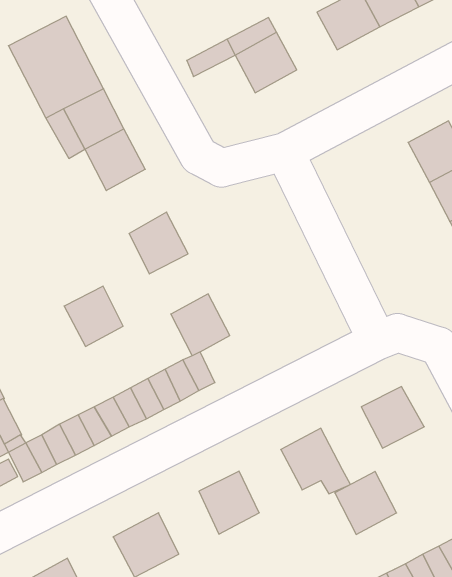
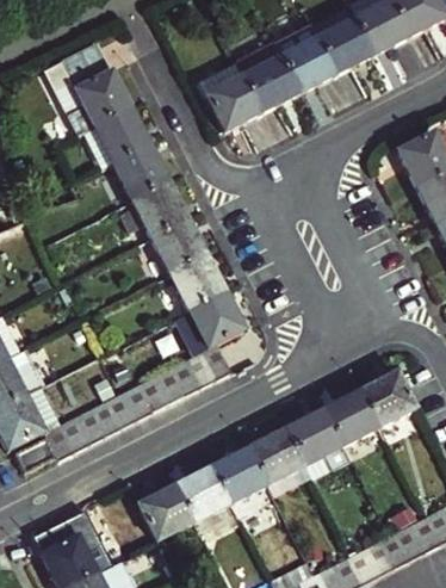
building: none -> [284,39,337,91]
building: none -> [210,78,265,130]
building: none -> [132,179,186,236]
building: [64,286,123,346] -> [171,254,223,308]
building: none -> [250,428,306,484]
building: [335,471,397,534] -> [323,390,378,446]
building: none -> [179,465,233,521]

